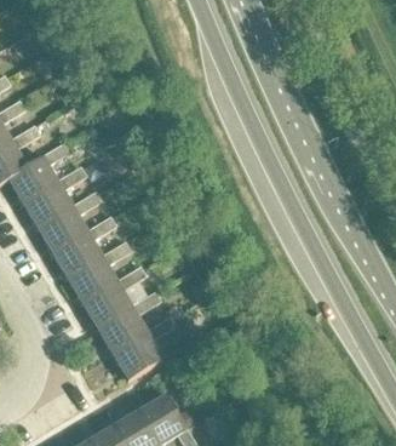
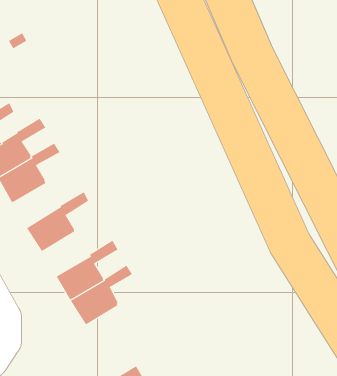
building: [38,190,102,253] -> none
building: [68,241,132,303] -> none
building: [113,316,176,379] -> none

